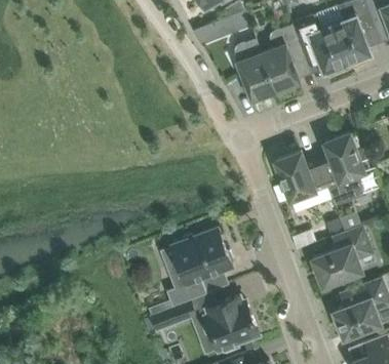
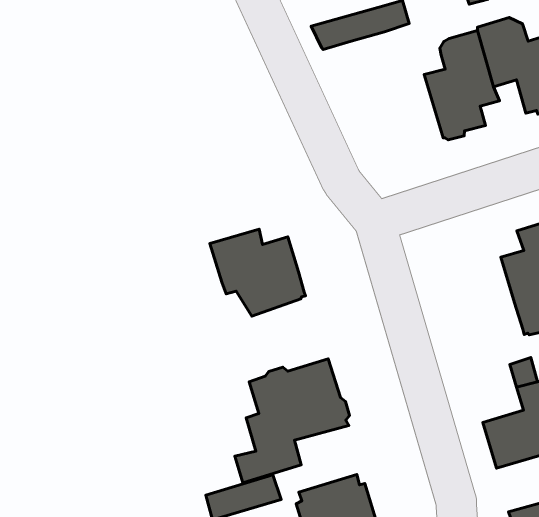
building: [235,39,276,100] -> none
building: [276,153,326,200] -> none
building: none -> [210,229,305,316]

